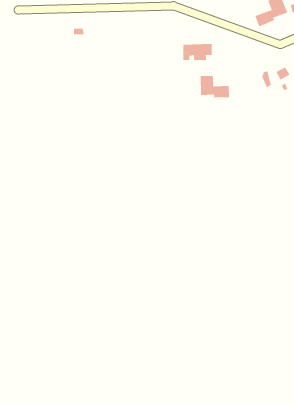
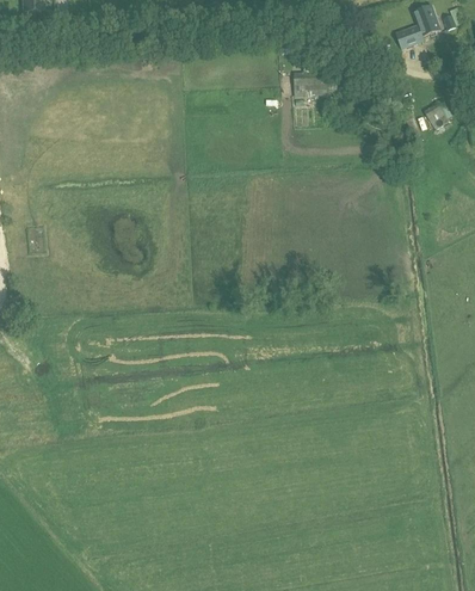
building: [200,75,230,98] -> none

